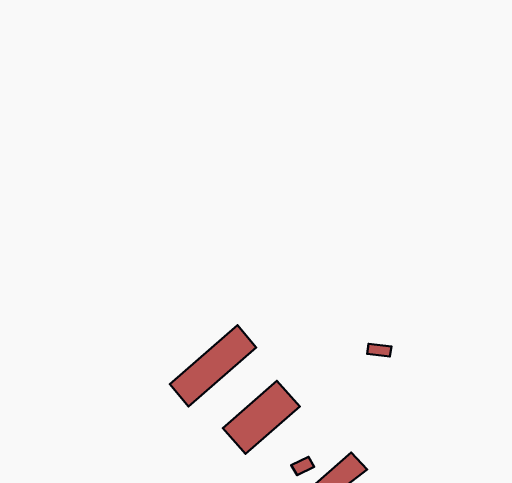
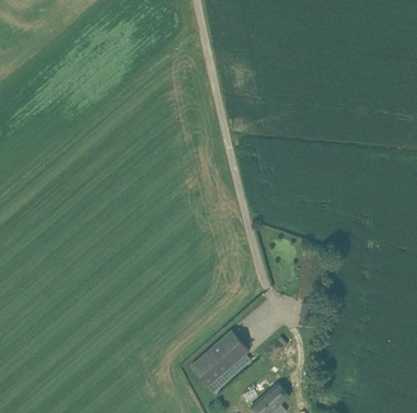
building: [170,325,256,406] -> none

